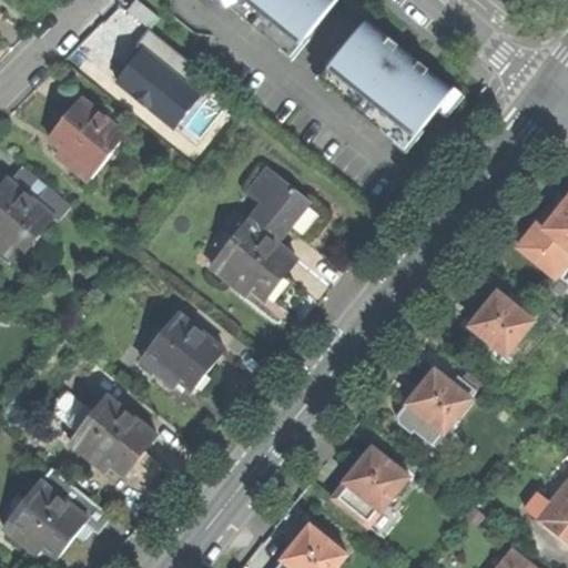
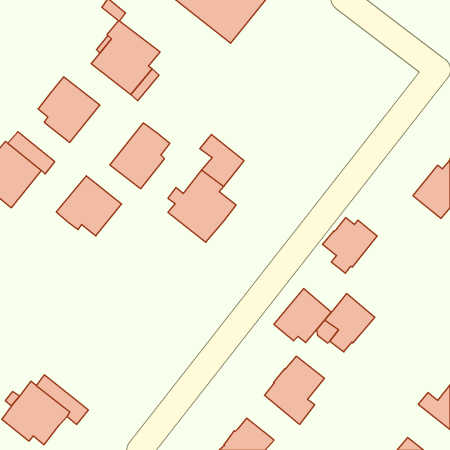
building: [318,18,452,146] -> none
building: none -> [110,123,170,189]
building: [468,291,537,361] -> [322,218,377,273]
building: [141,313,223,388] -> [56,176,122,236]
building: none -> [274,288,331,343]
building: [53,393,155,473] -> none

